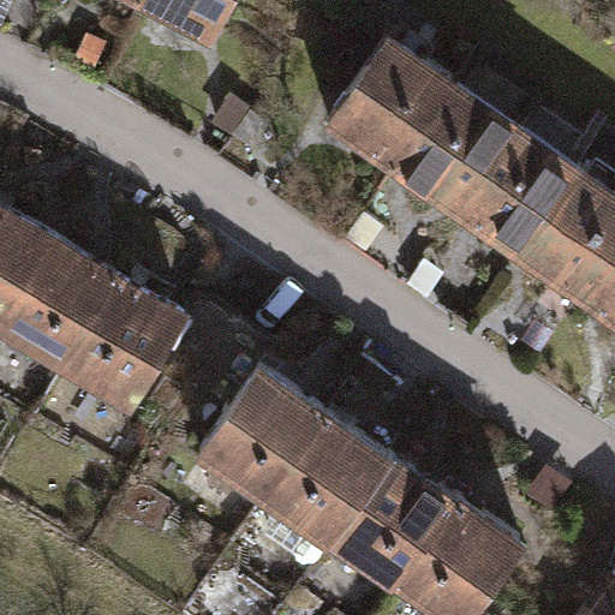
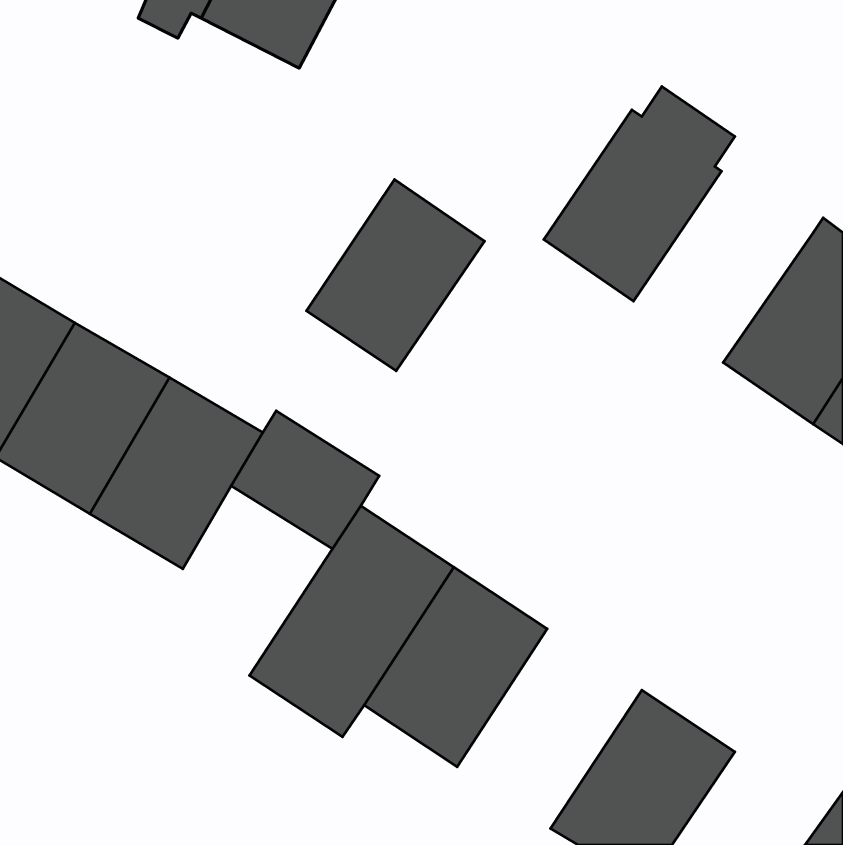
building: [328,35,456,173] -> [306,180,484,371]
building: [458,108,595,262] -> none
building: [330,454,464,598] -> none

